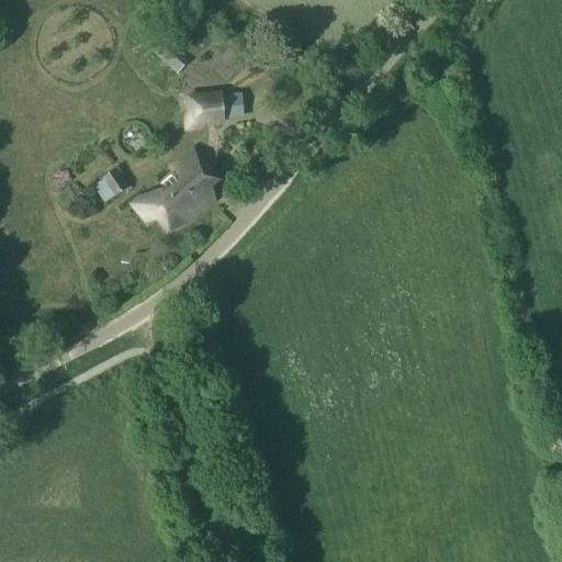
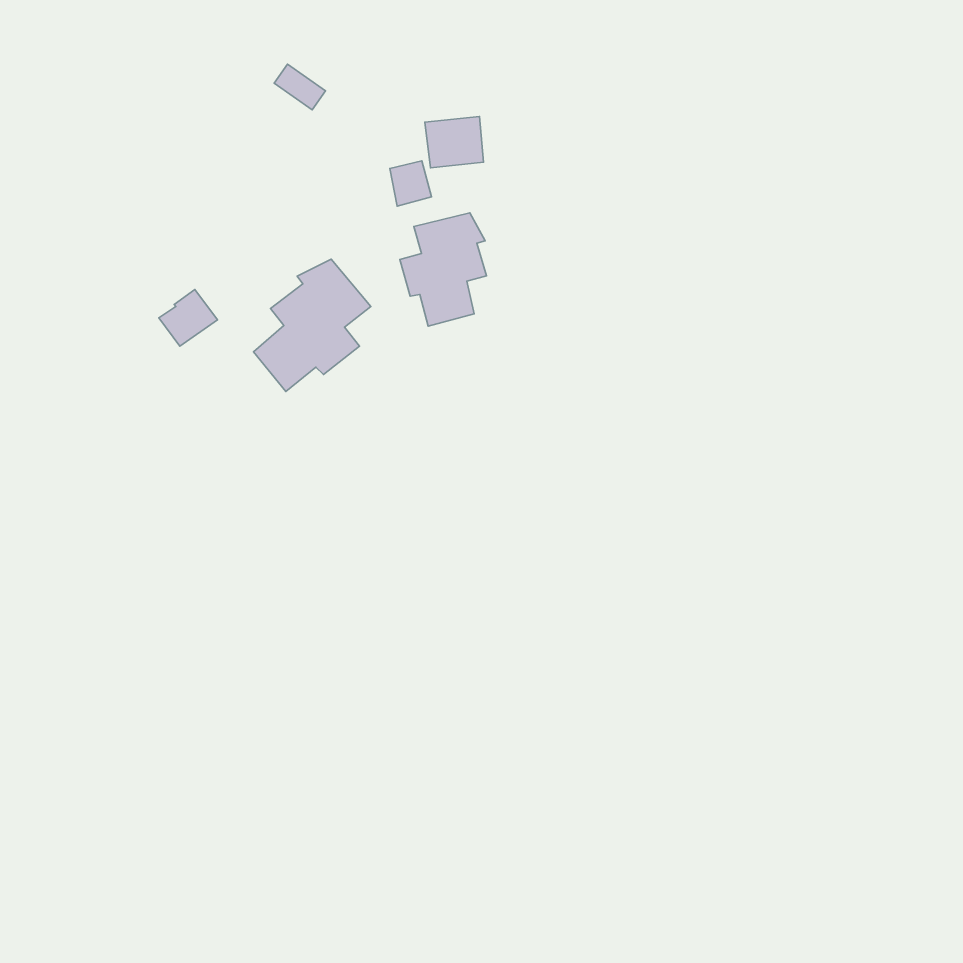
building: [189,93,223,123] -> [425,117,483,168]
building: none -> [400,213,486,326]

